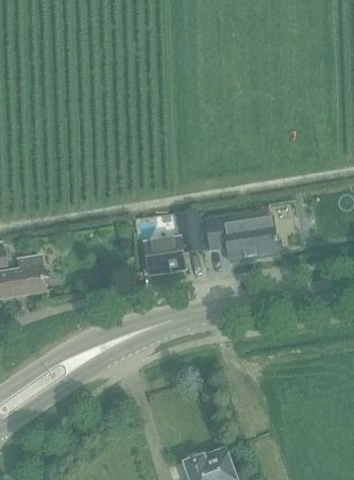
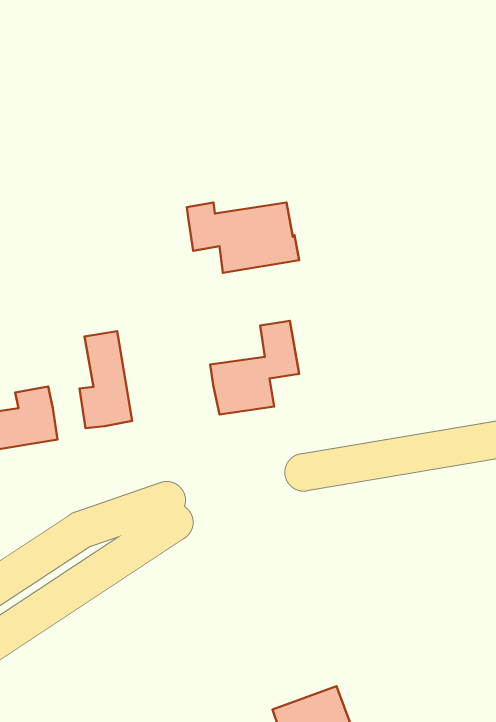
building: [206,216,278,262] -> [187,203,299,273]
building: none -> [80,331,132,428]

